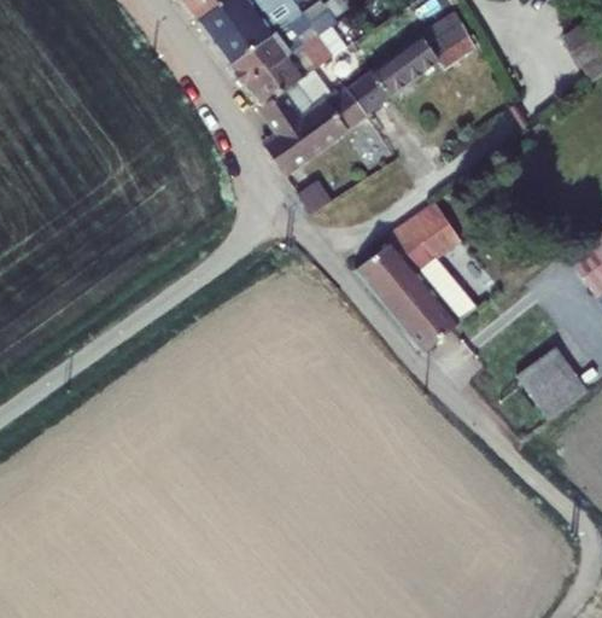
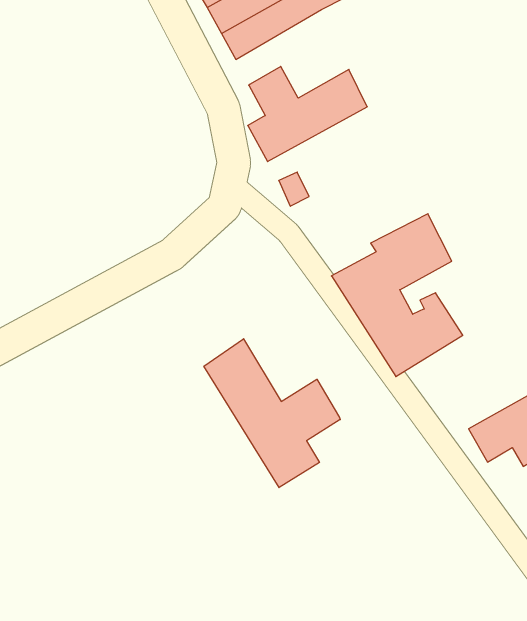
building: [349,10,479,113] -> none
building: [246,31,346,106] -> none
building: none -> [204,339,340,488]

